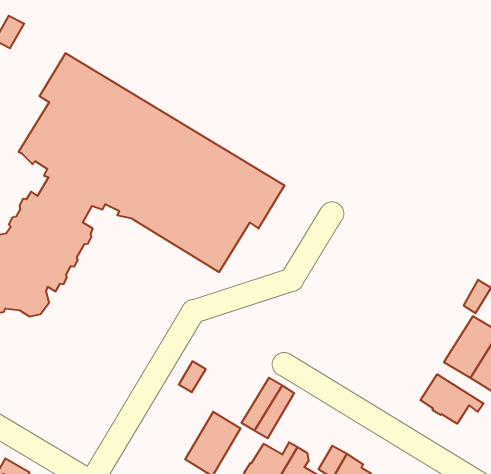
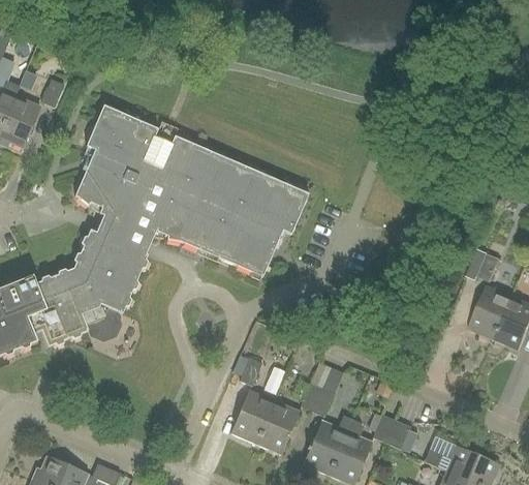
building: [420,374,484,424] -> none
building: none -> [230,388,274,443]

